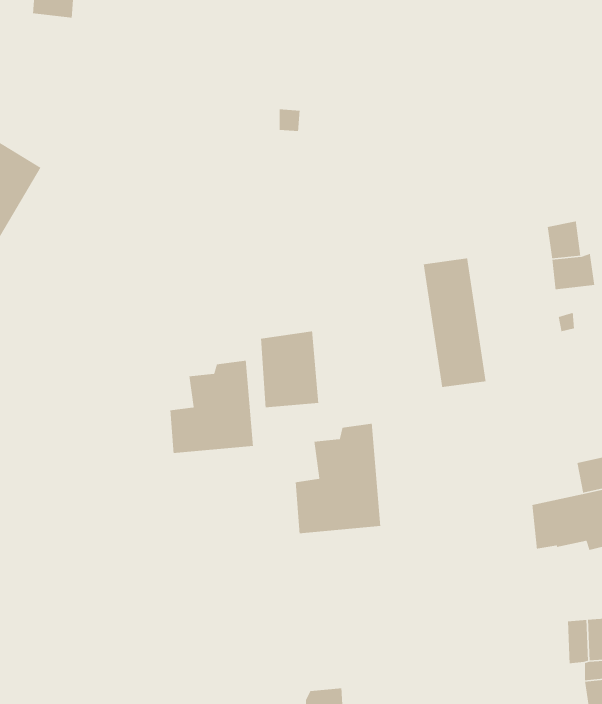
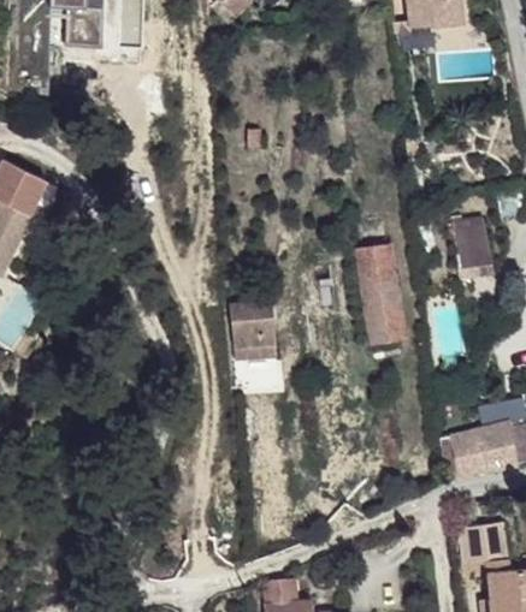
building: [170,360,254,454] -> none
building: [295,423,381,534] -> none

